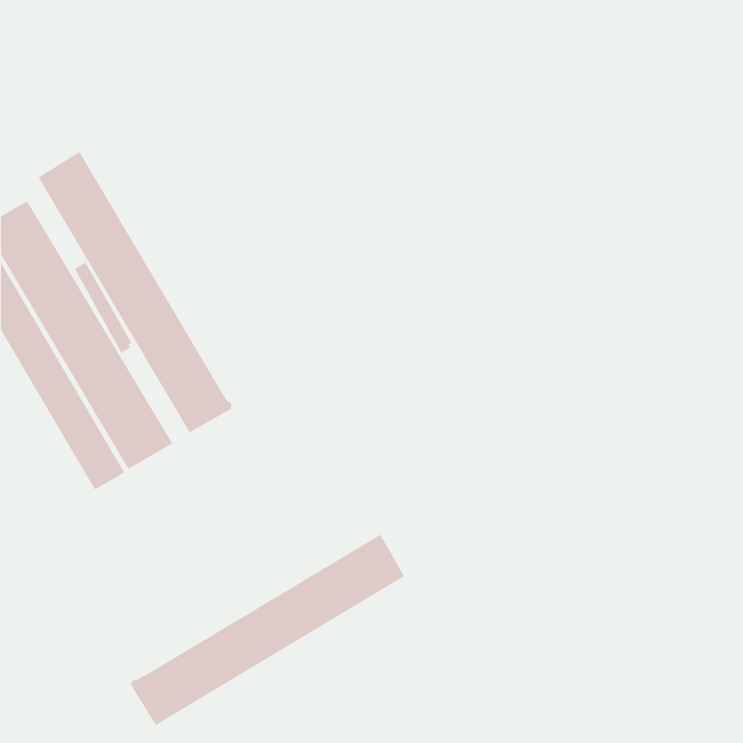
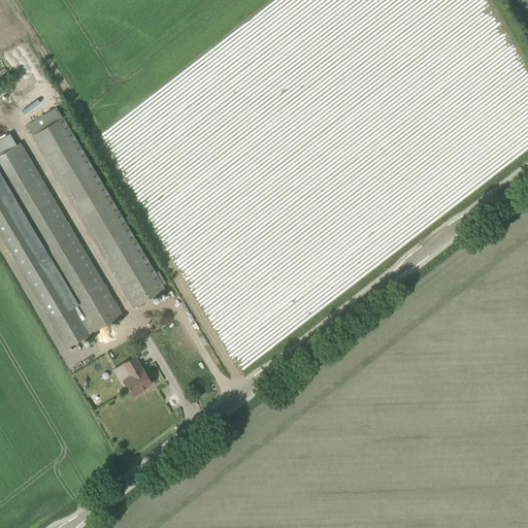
building: none -> [124,357,152,396]
building: [129,534,405,726] -> none

